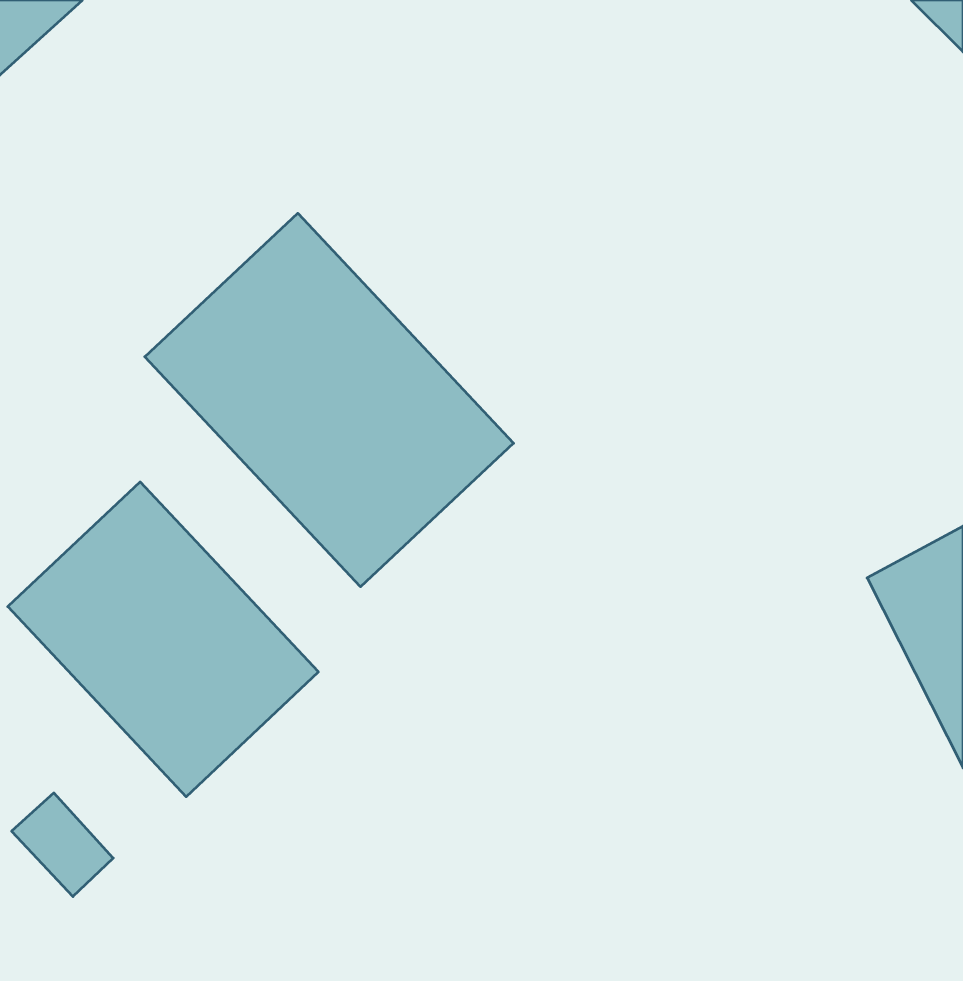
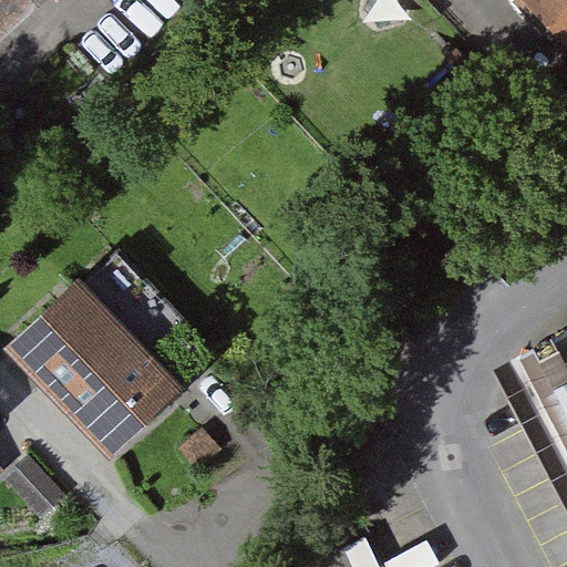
building: [145,213,514,587] -> none

